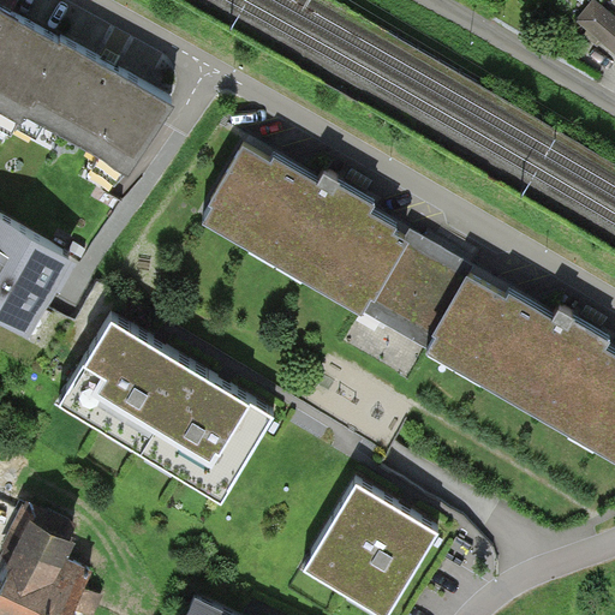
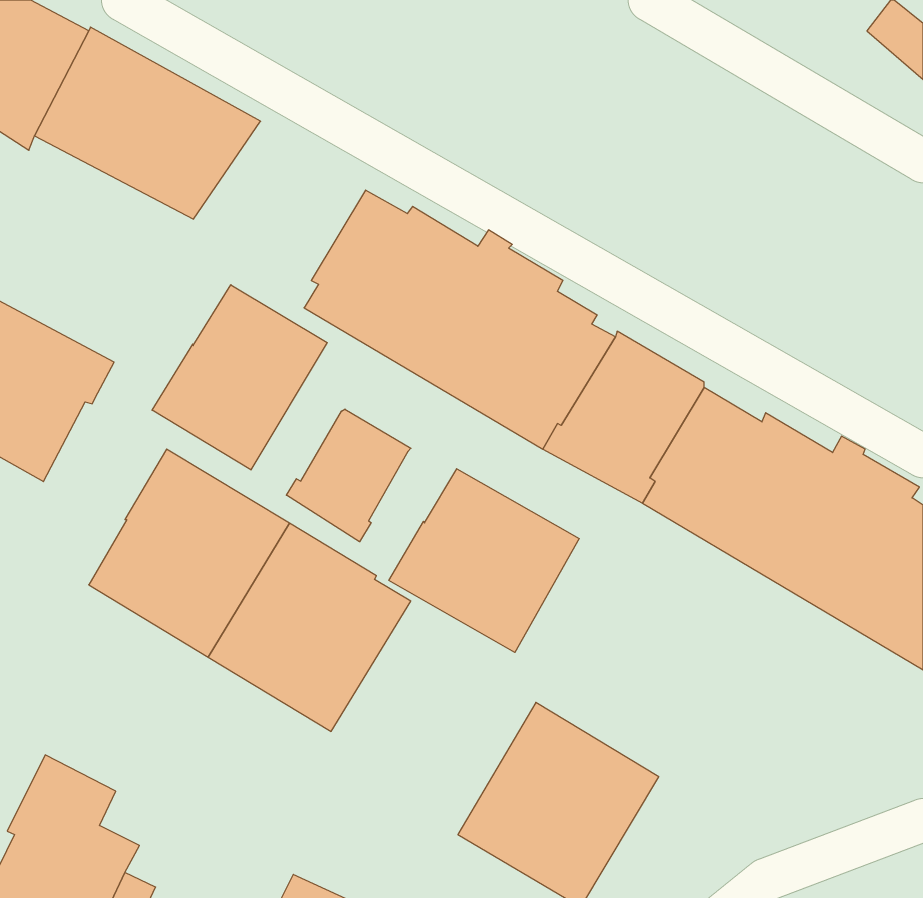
building: none -> [152,285,327,470]
building: none -> [286,409,411,542]
building: none -> [389,469,579,652]

